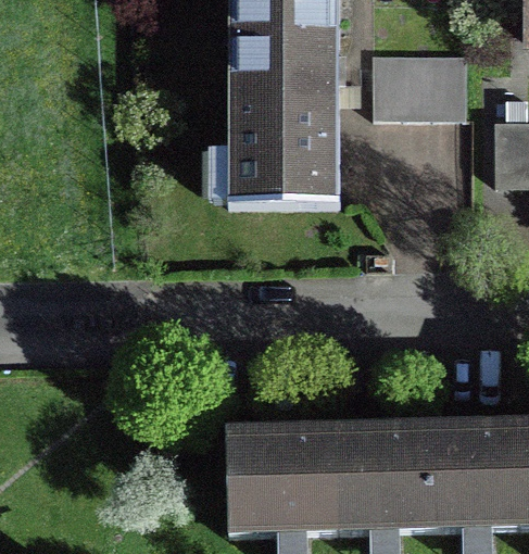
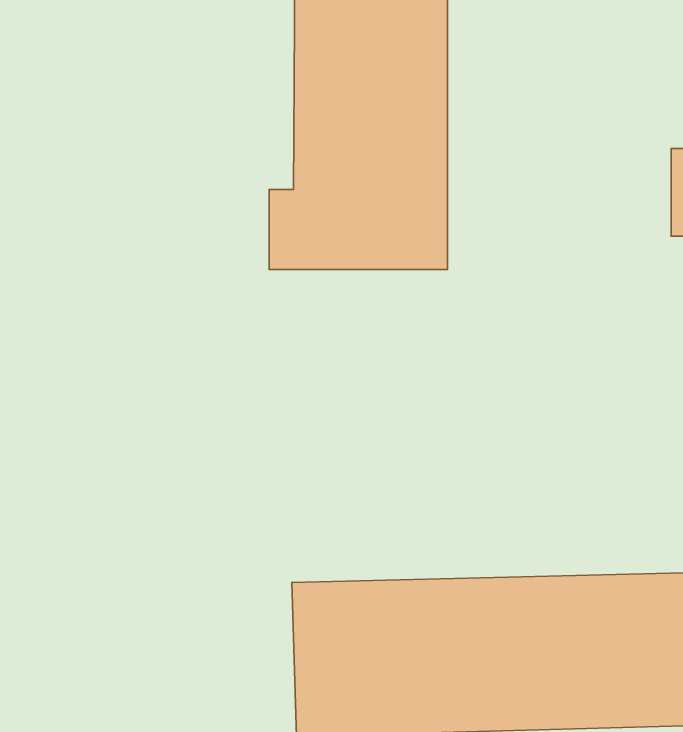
building: [373,52,465,117] -> none

